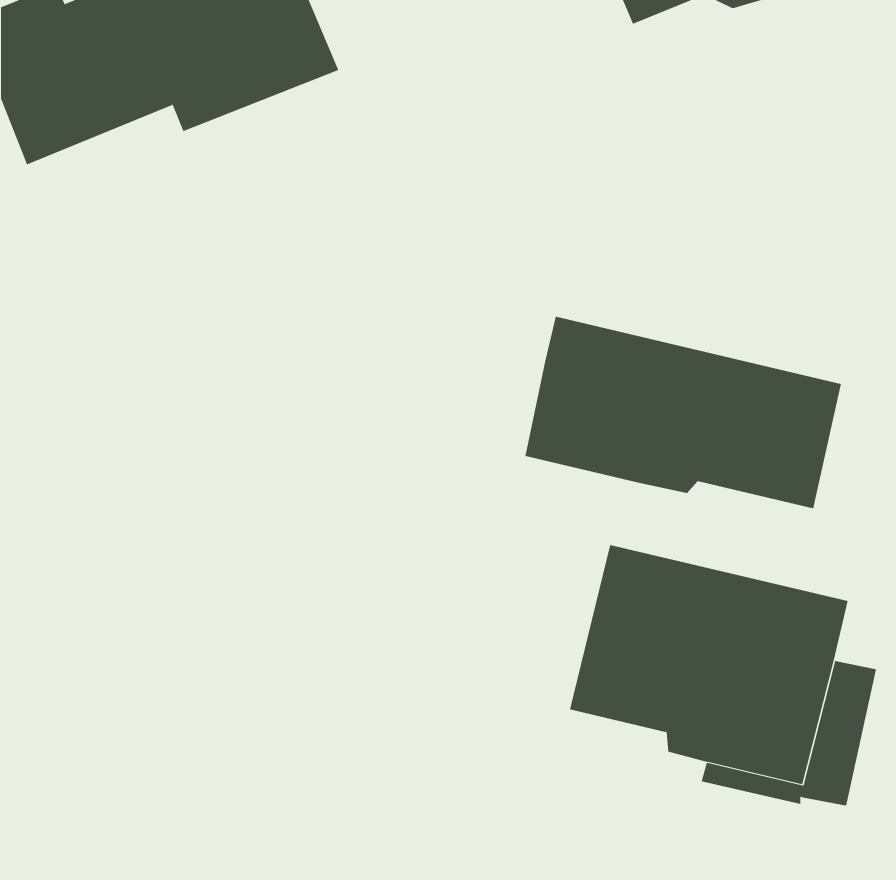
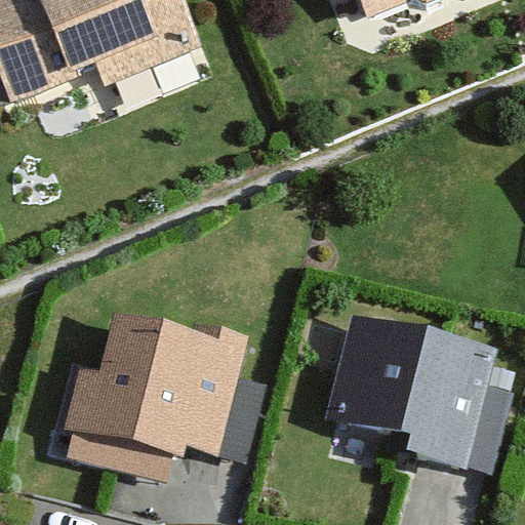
building: [525,316,842,509] -> none
building: none -> [58,324,240,465]

